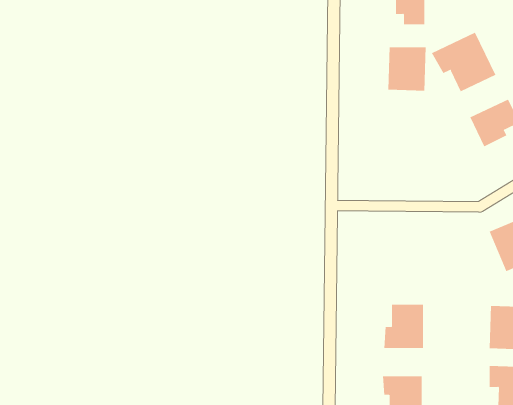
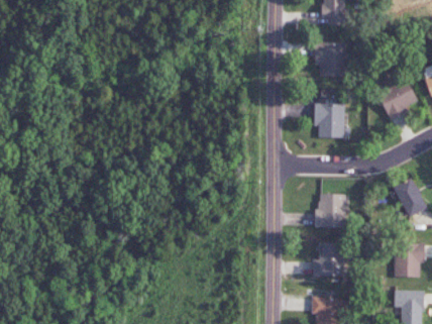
building: [431,32,496,92] -> none
building: none -> [313,103,344,137]
building: none -> [314,194,345,227]

